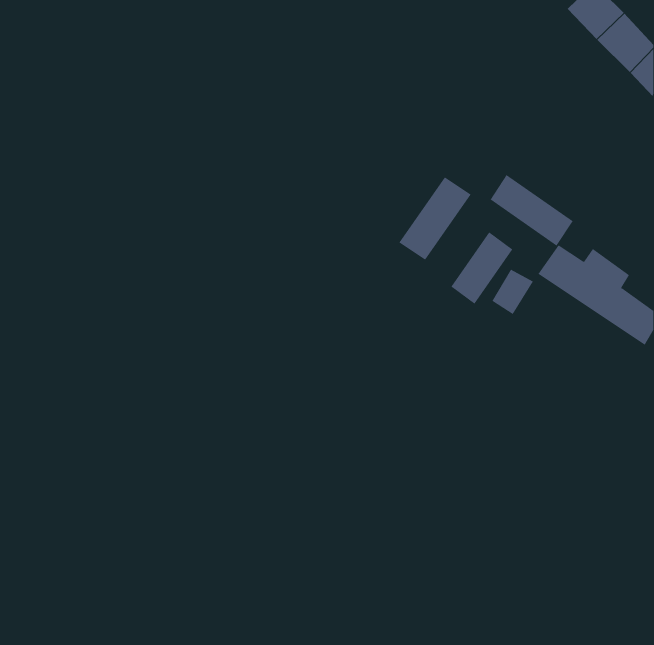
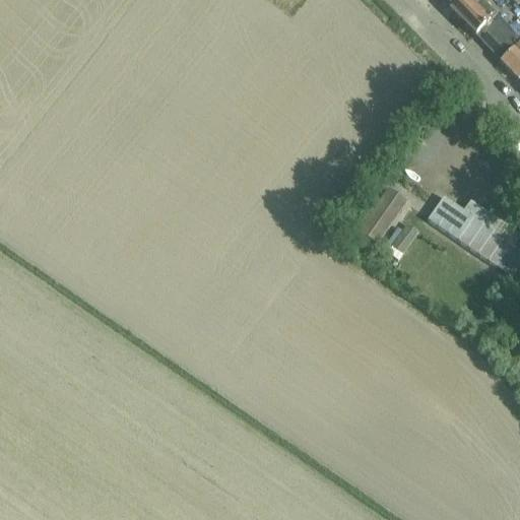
building: [490,174,573,246] -> none
building: [398,177,471,260] -> none

